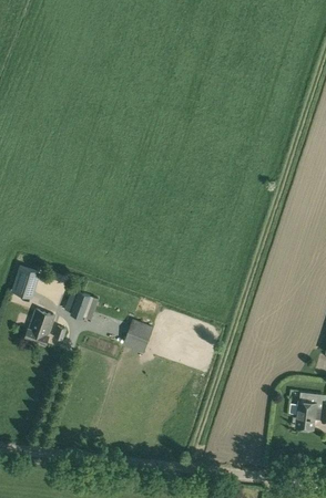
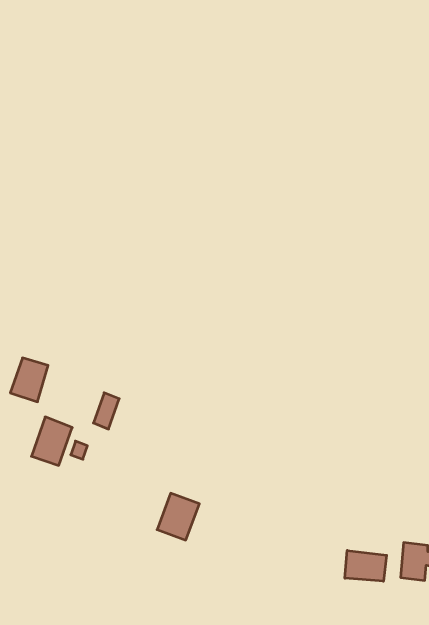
building: [123,320,154,354] -> [157,493,199,540]
building: none -> [345,550,387,581]

